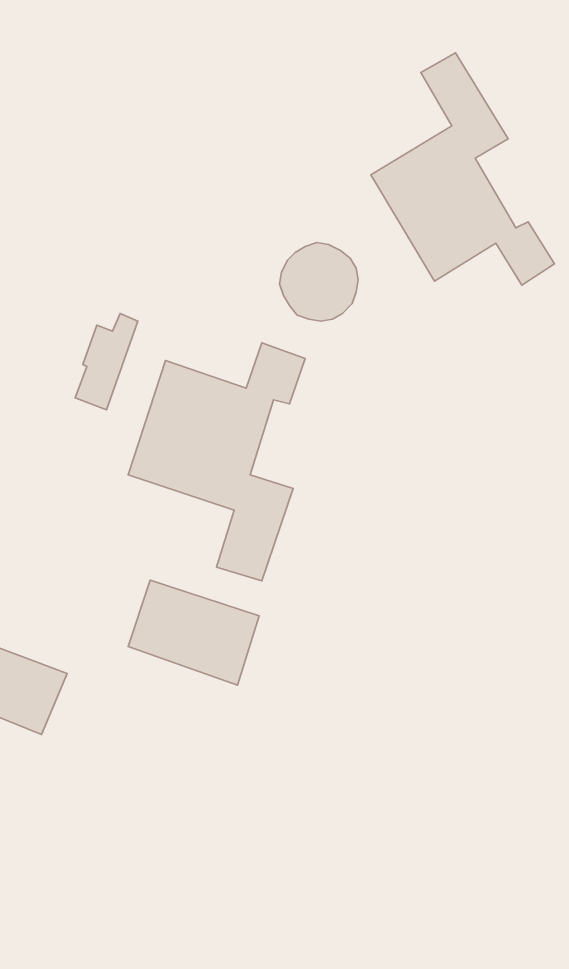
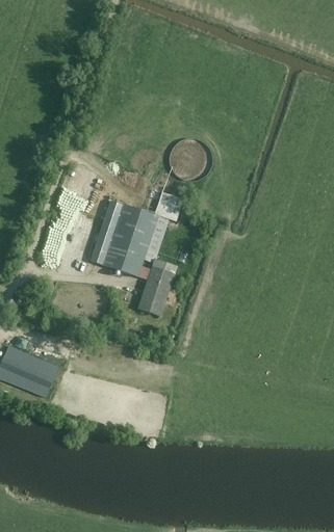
building: [371,53,554,285] -> none
building: [128,580,259,685] -> none

